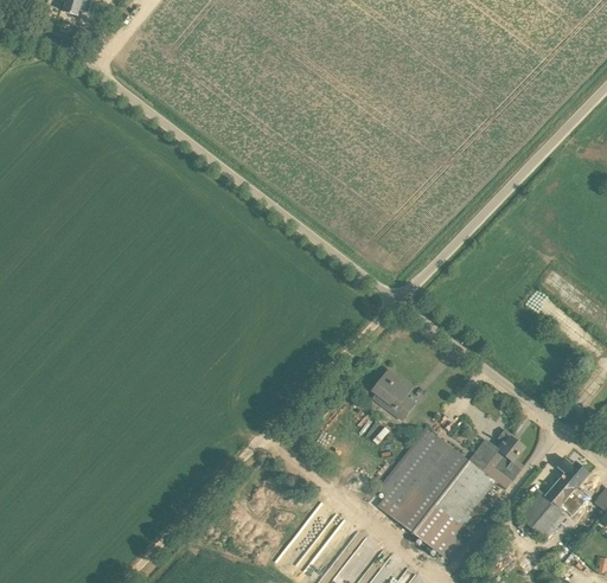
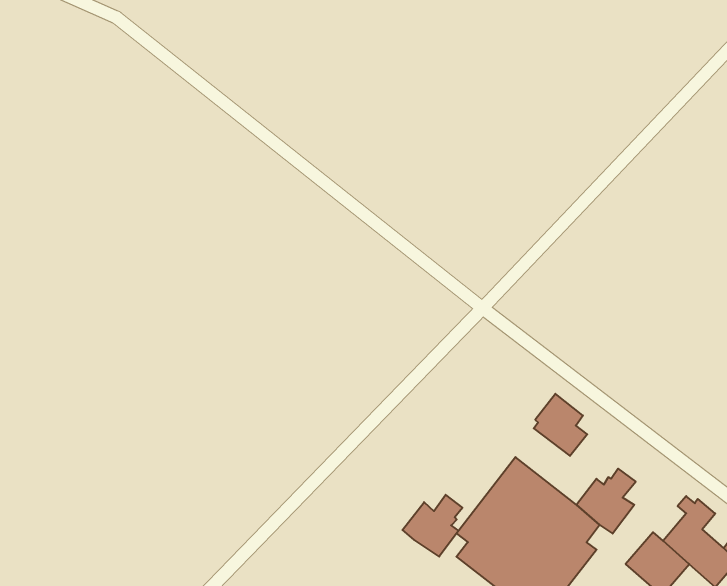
building: [371,367,415,418] -> [534,394,587,456]
building: none -> [402,495,462,557]

